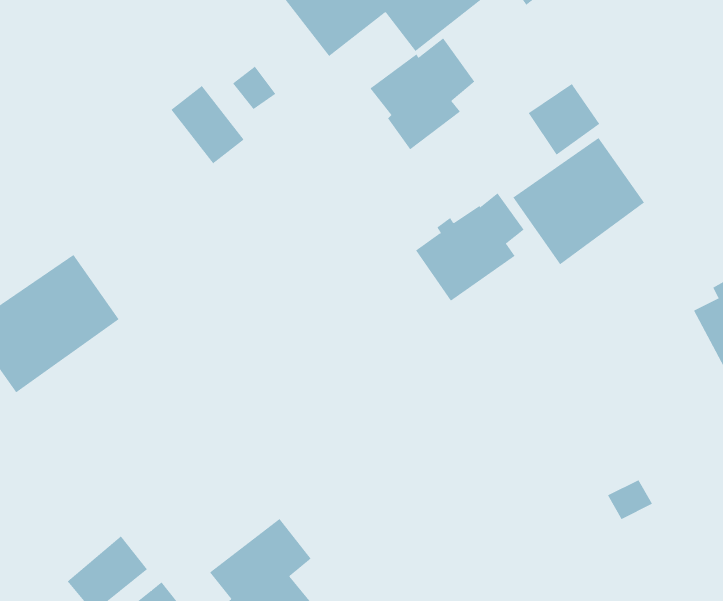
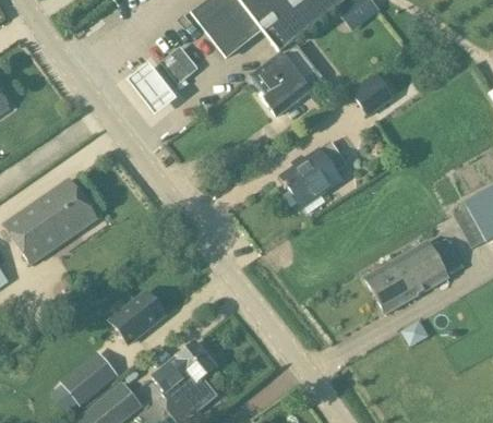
building: [513,137,645,265] -> none
building: none -> [364,237,465,313]
building: none -> [110,290,165,342]

